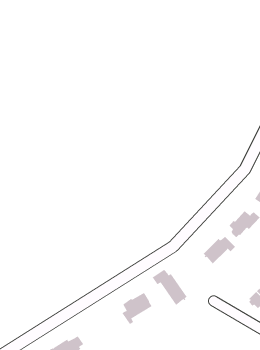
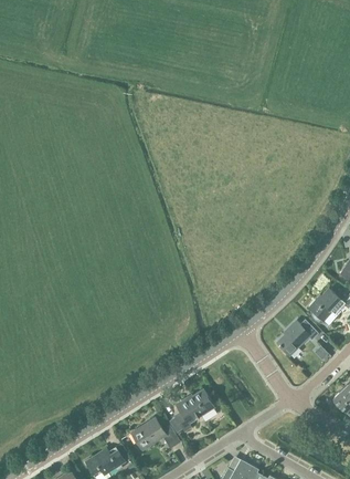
building: [152,269,187,306] -> none
building: none -> [131,418,181,450]

